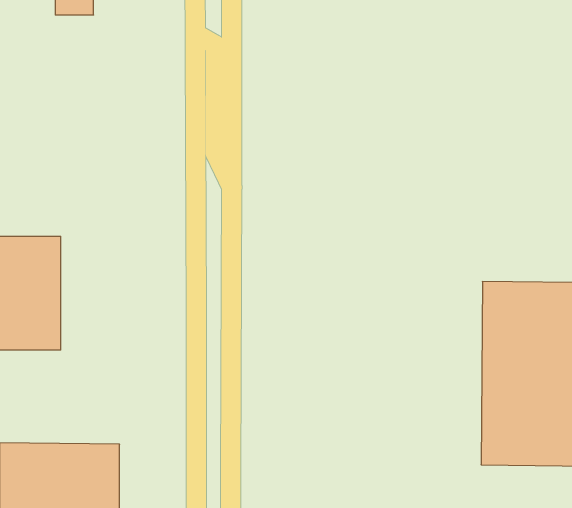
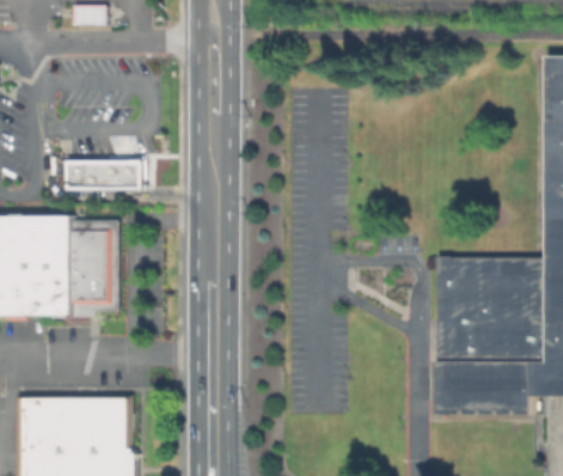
building: none -> [62,157,140,187]
building: none -> [73,218,118,313]

